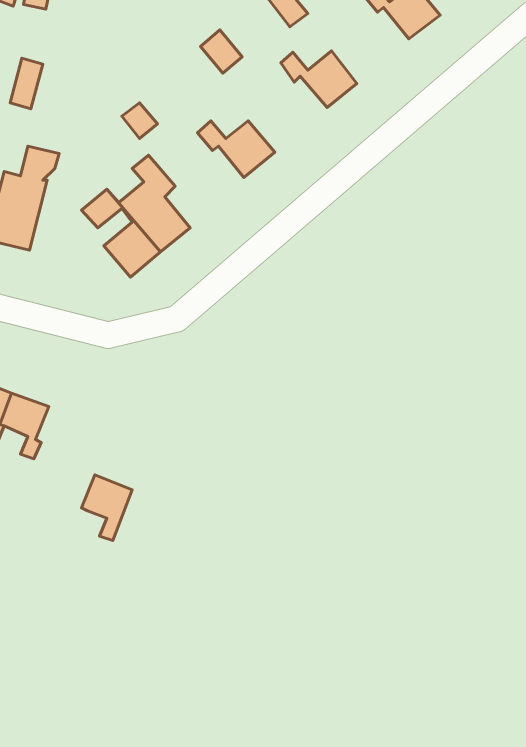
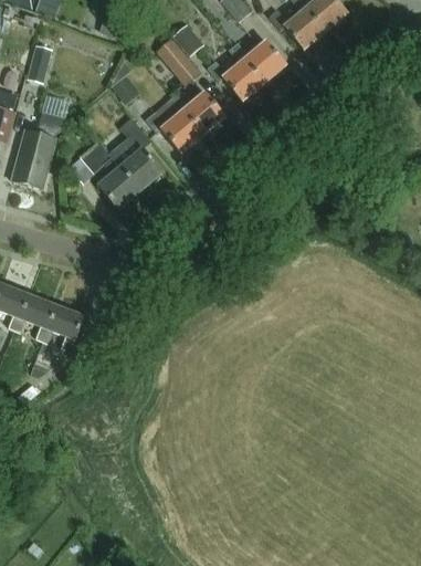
building: none -> [270,8,325,50]
building: none -> [152,38,198,86]
building: none -> [209,59,264,101]
building: none -> [147,111,202,151]
building: [82,475,132,540] -> [48,304,85,353]

